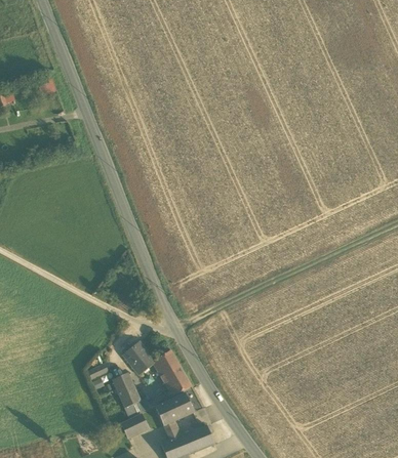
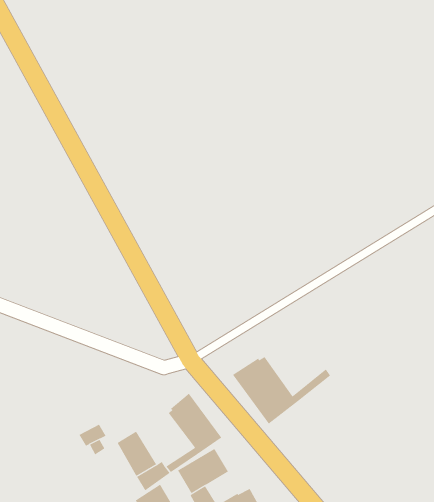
building: none -> [232,356,331,425]
building: [123,342,156,375] -> none

